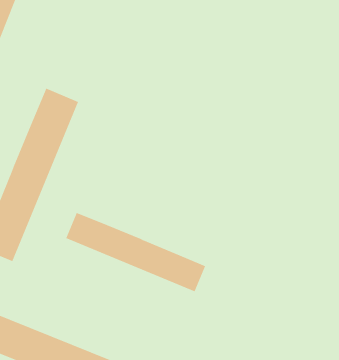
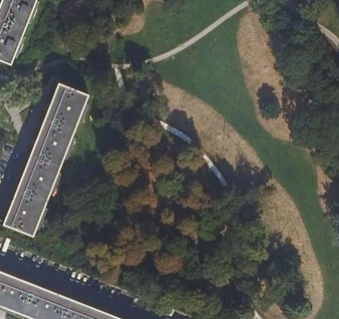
building: [66,212,206,292] -> none

